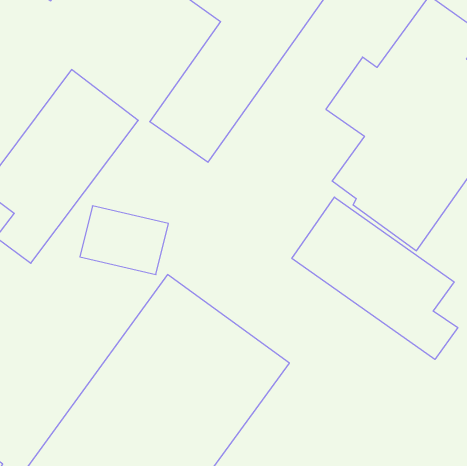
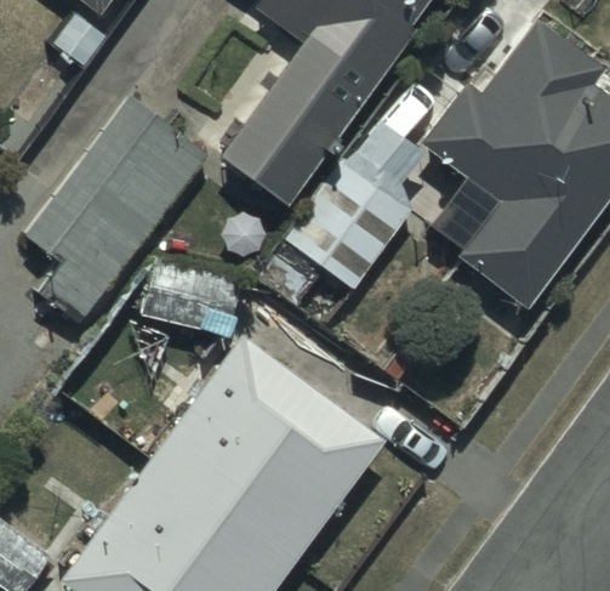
building: none -> [290,120,422,288]
building: [292,197,458,359] -> none

